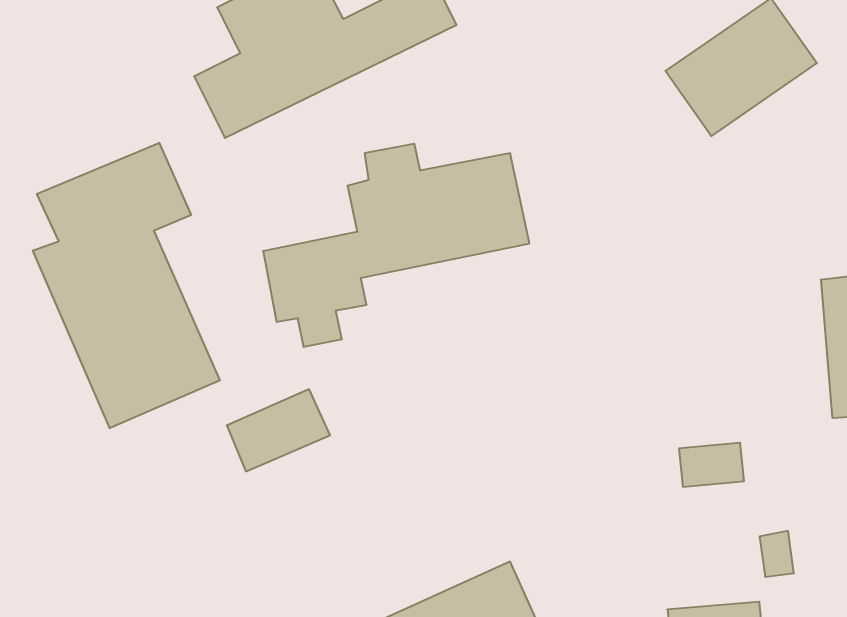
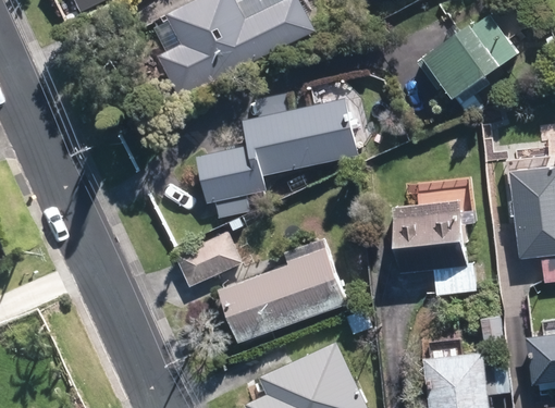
building: [33,143,220,428] -> none
building: none -> [395,207,461,269]
building: none -> [222,256,336,339]

